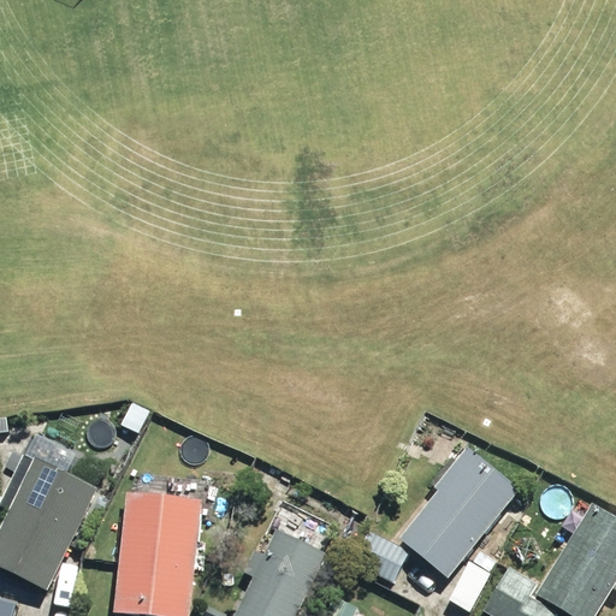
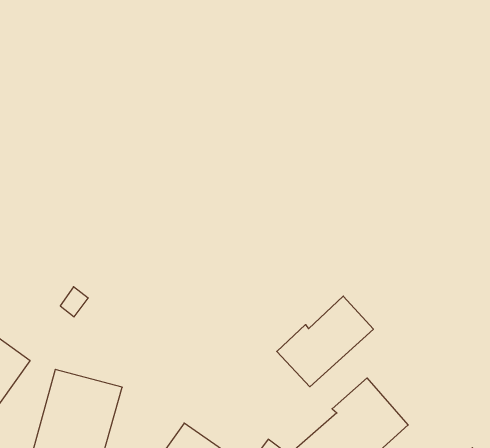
building: none -> [277,296,373,387]

